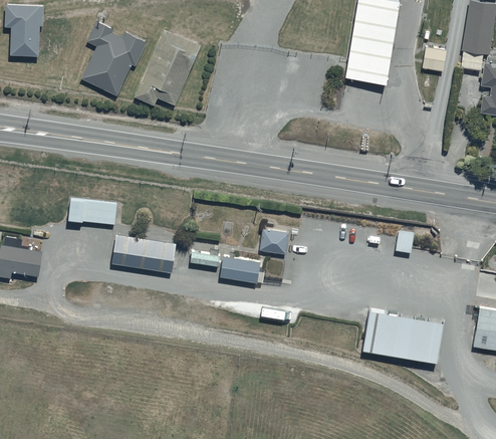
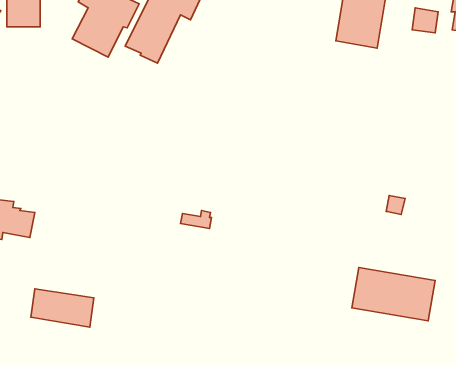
building: [69,198,116,221] -> none
building: [259,230,289,256] -> none
building: [112,235,176,273] -> [31,289,94,327]
building: [220,251,260,284] -> none

